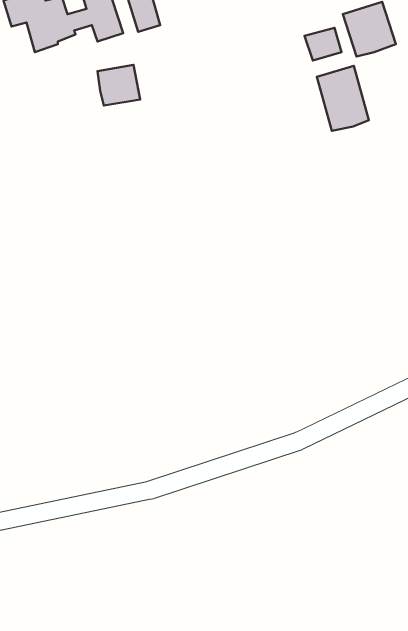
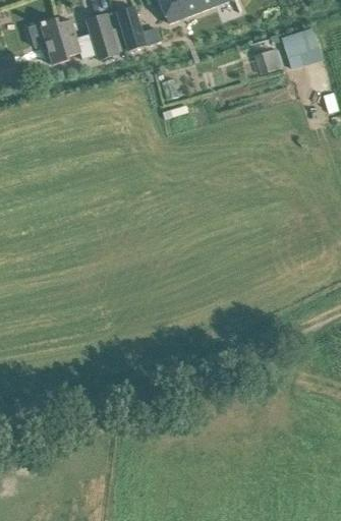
building: [98,65,140,106] -> none
building: [317,66,369,131] -> none

